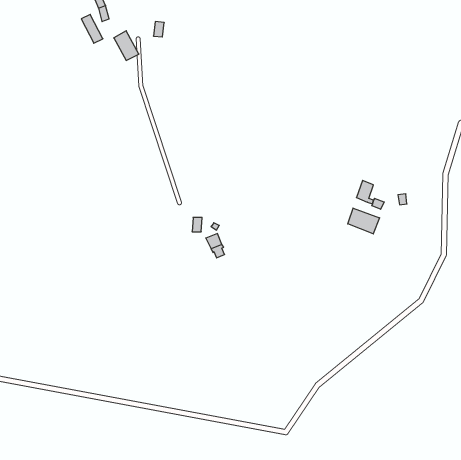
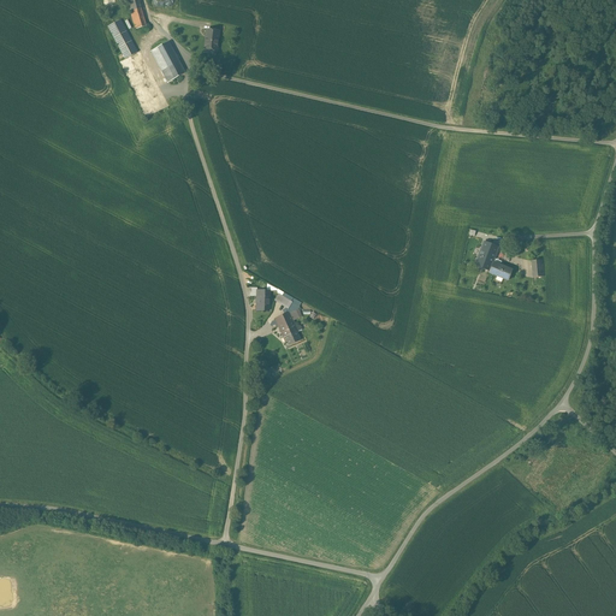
building: [348,208,380,234] -> none

